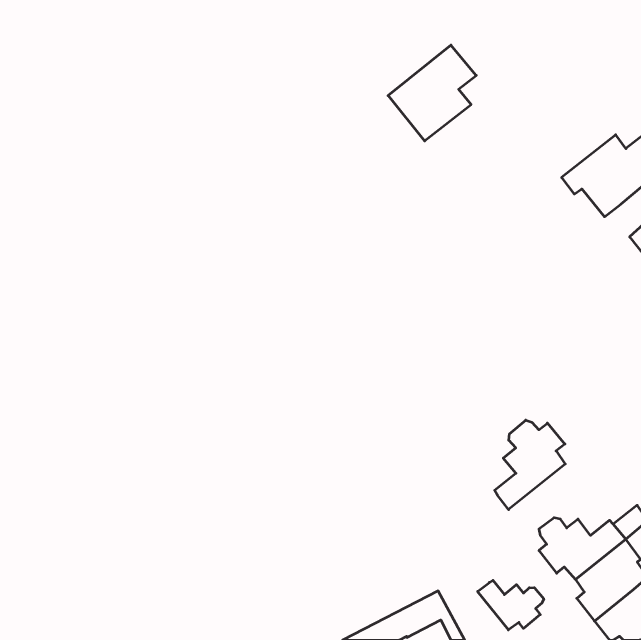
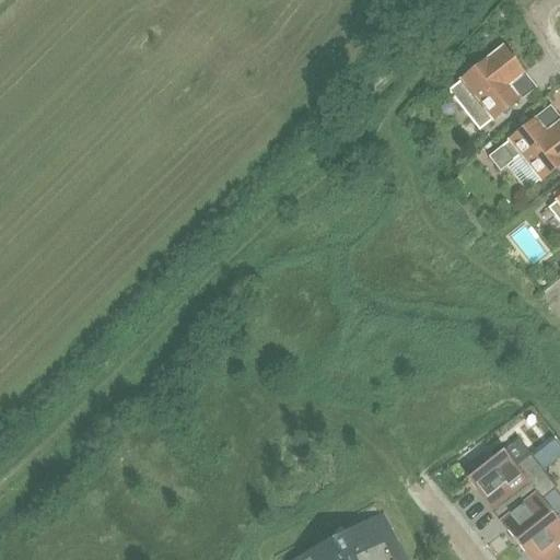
building: [388,45,476,141] -> [448,45,525,128]
building: [495,420,565,510] -> none
building: [478,580,544,630] -> none

